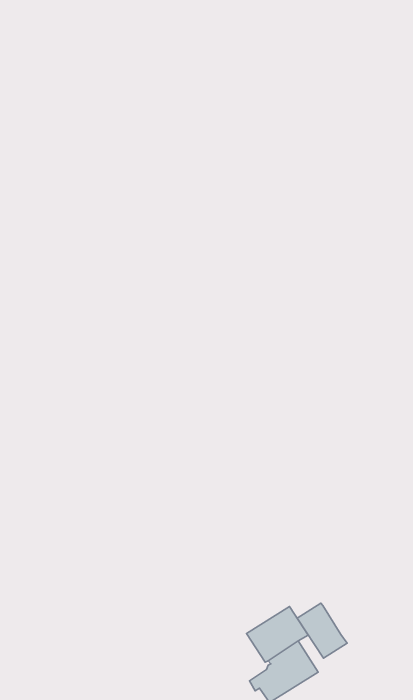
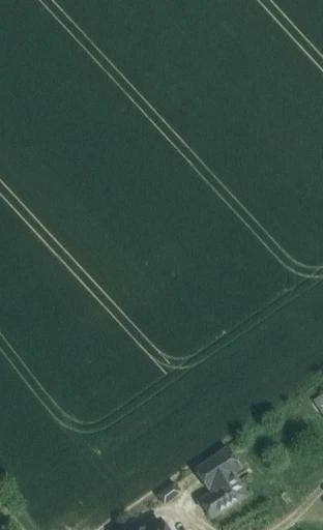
building: [297,603,347,658] -> none

